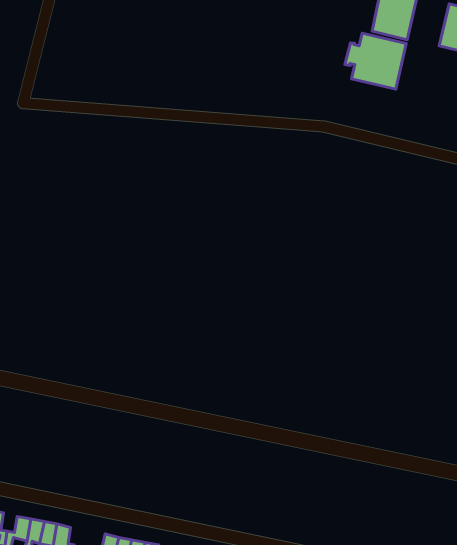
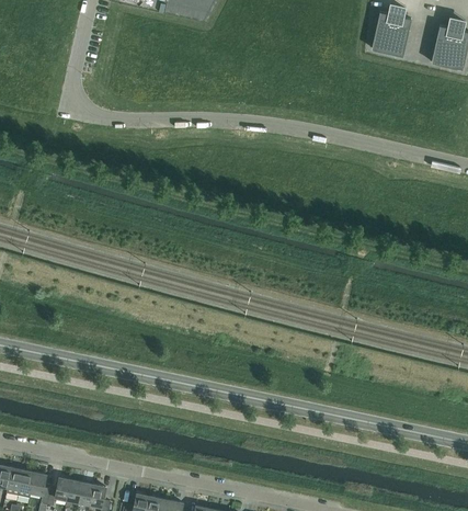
building: [345,33,406,89] -> none

